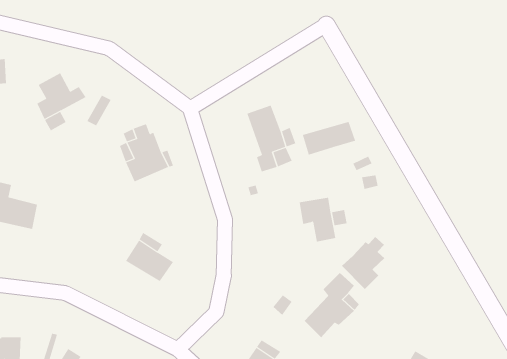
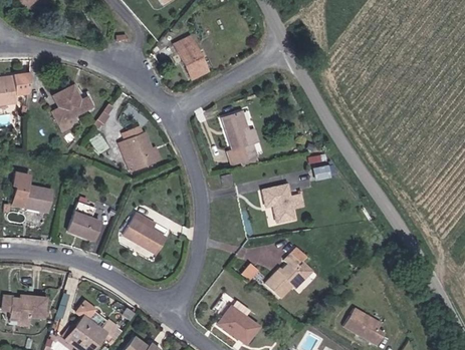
building: none -> [176,39,207,81]
building: [302,121,356,156] -> none
building: none -> [67,203,100,240]
building: [341,236,385,290] -> none

